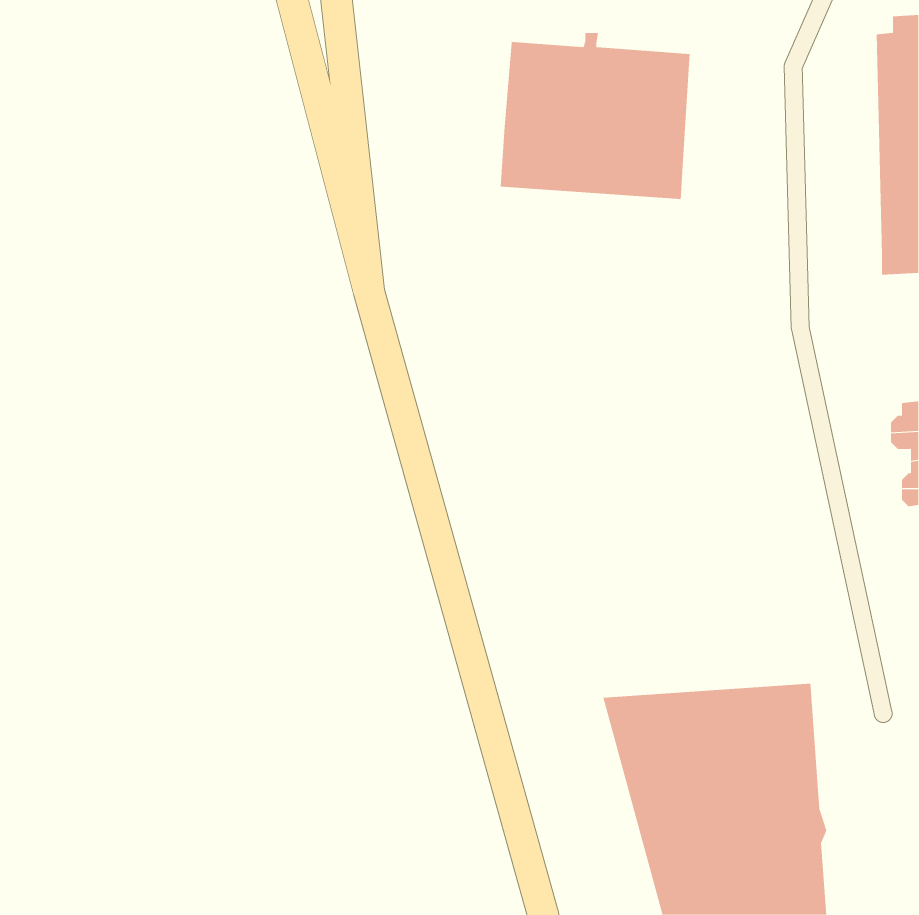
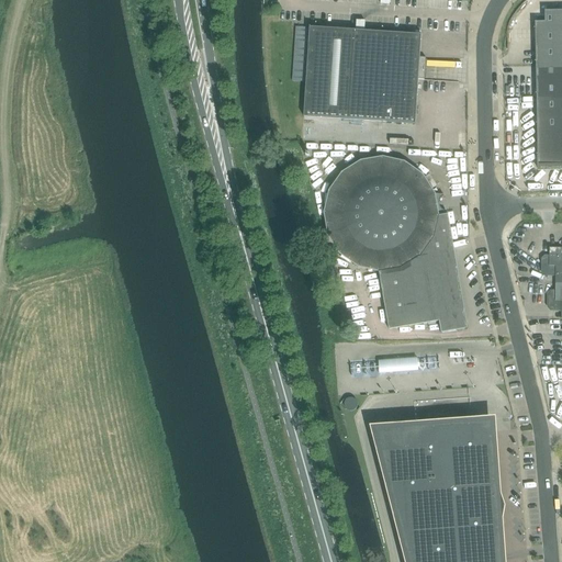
building: none -> [324,155,464,330]

